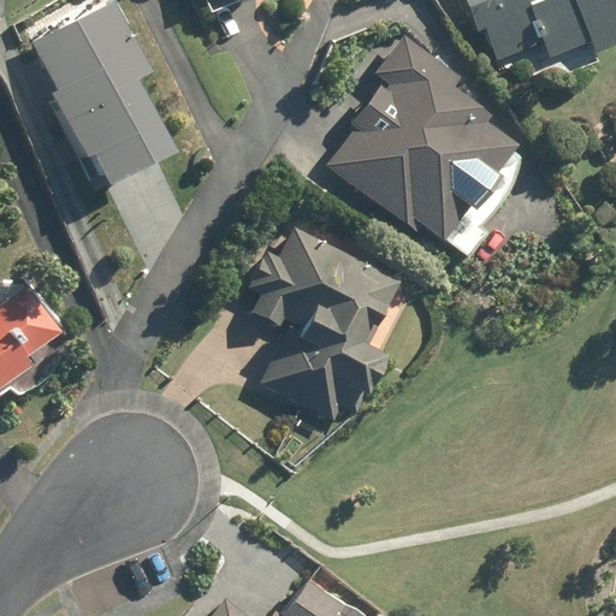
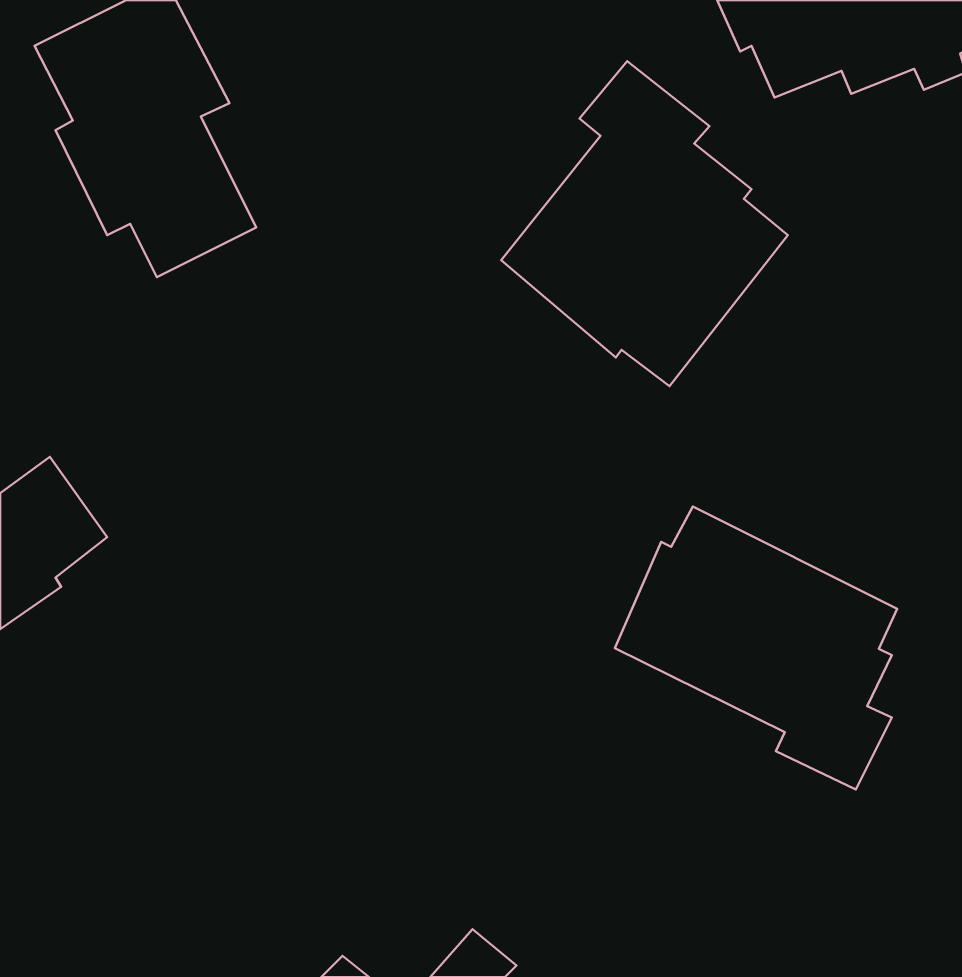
building: [248,229,399,421] -> none
building: none -> [615,506,897,789]

